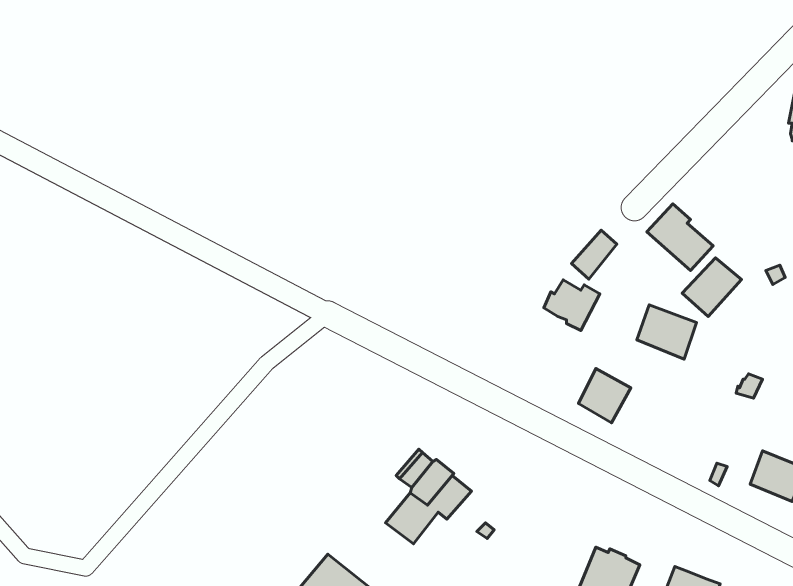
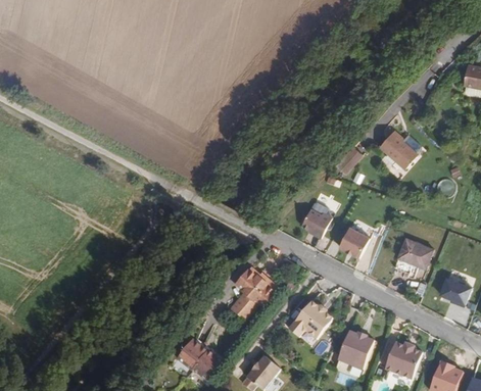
building: [682,258,742,317] -> none
building: [544,280,600,331] -> [299,207,332,237]
building: [637,305,696,359] -> [398,236,433,267]
building: none -> [288,301,331,338]

